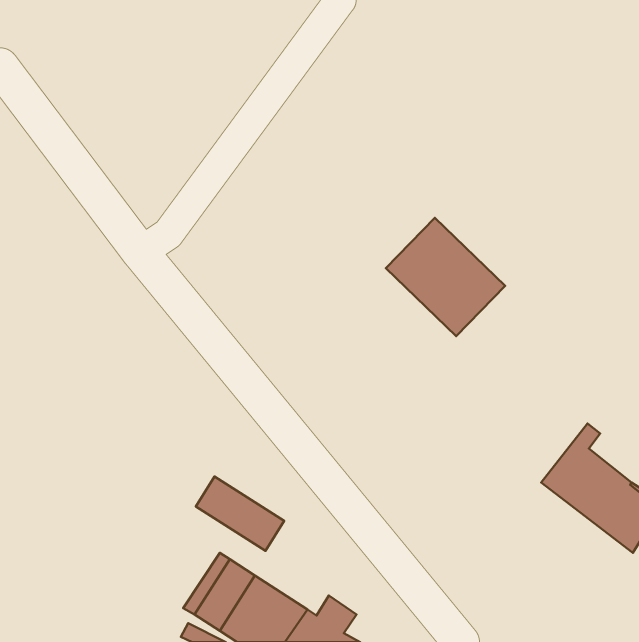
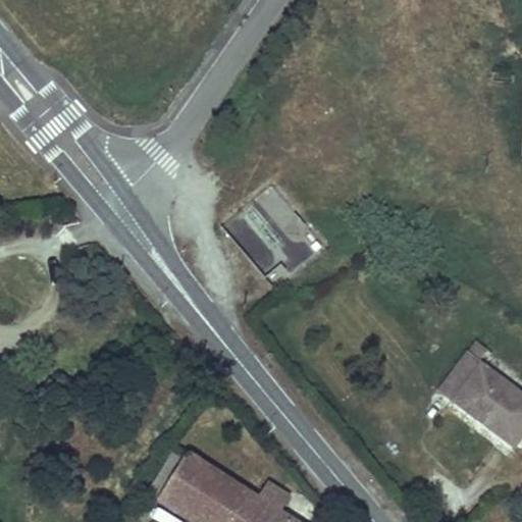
building: [386,218,505,336] -> [227,188,324,283]
building: [196,476,284,551] -> none

